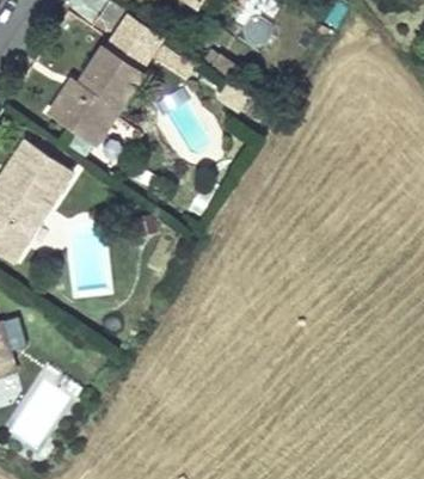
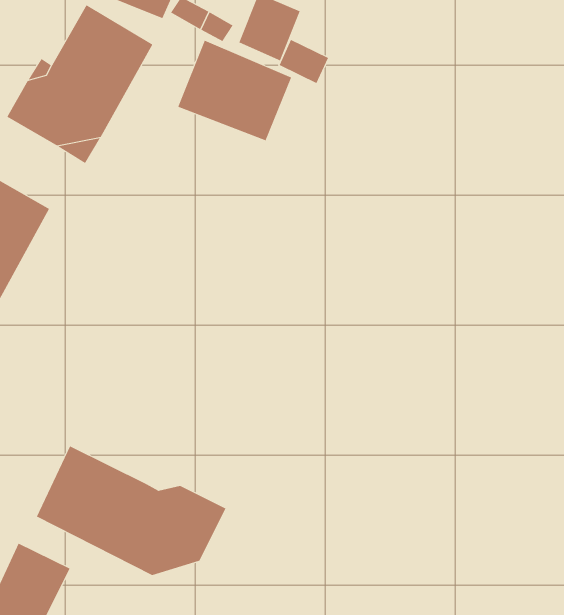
building: none -> [177,40,292,141]
building: none -> [36,445,226,576]

